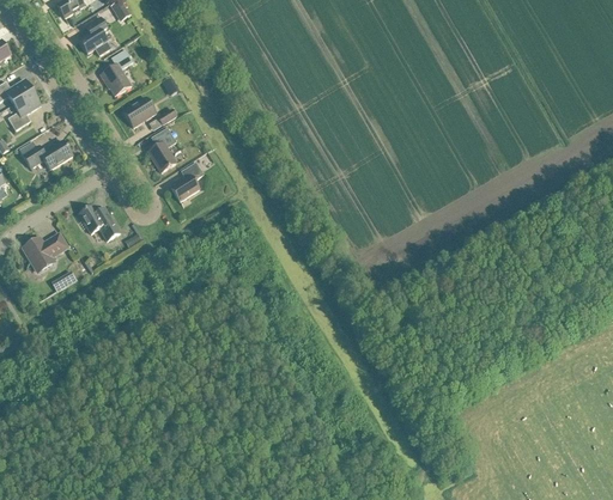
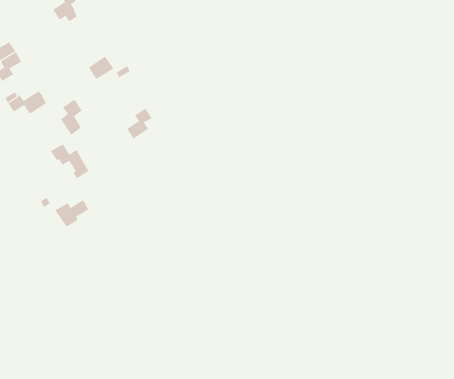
building: [101,48,133,94] -> none
building: [148,127,176,172] -> [60,99,82,135]
building: [23,234,66,269] -> [55,200,89,227]

